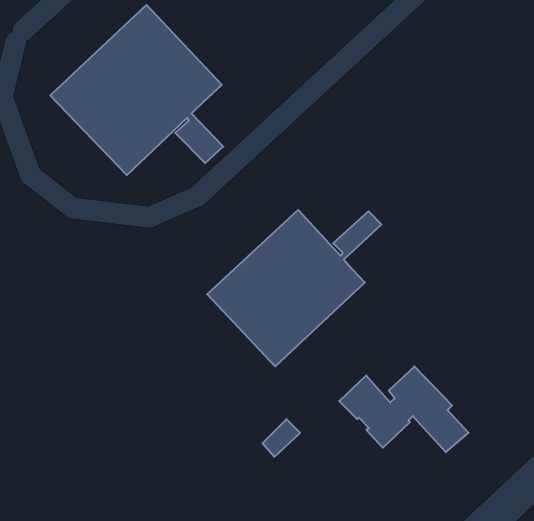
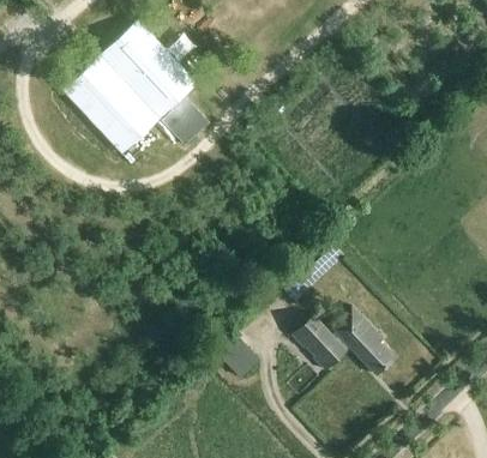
building: [207,210,381,366] -> none

